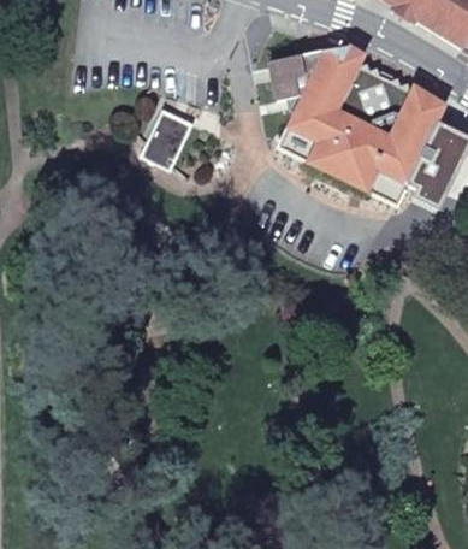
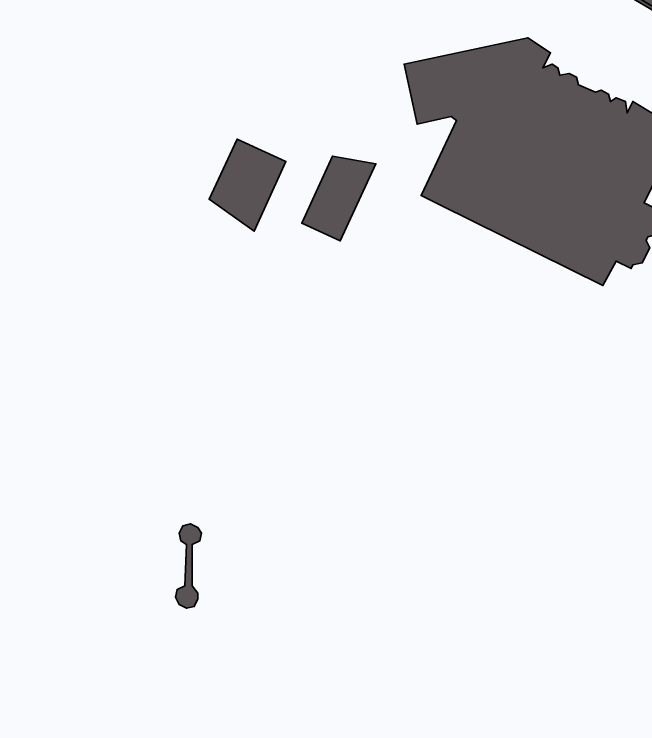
building: none -> [302,156,376,241]

